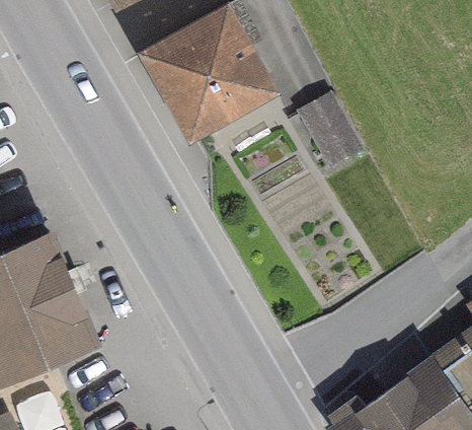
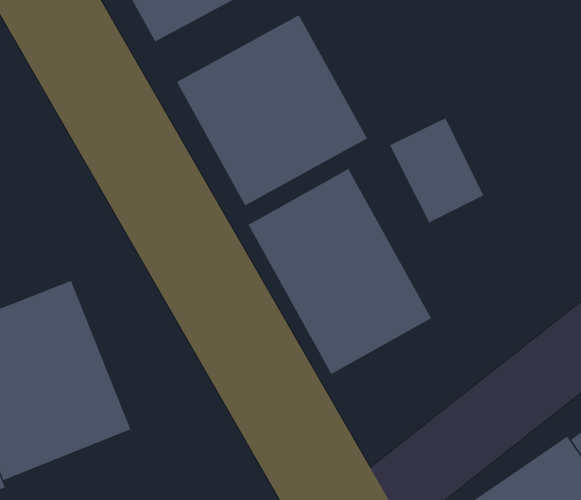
building: none -> [248,168,432,375]

